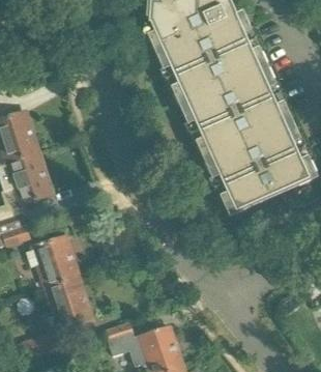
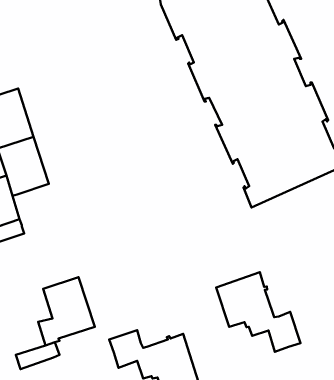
building: [28,235,79,286] -> none
building: none -> [216,272,301,352]

